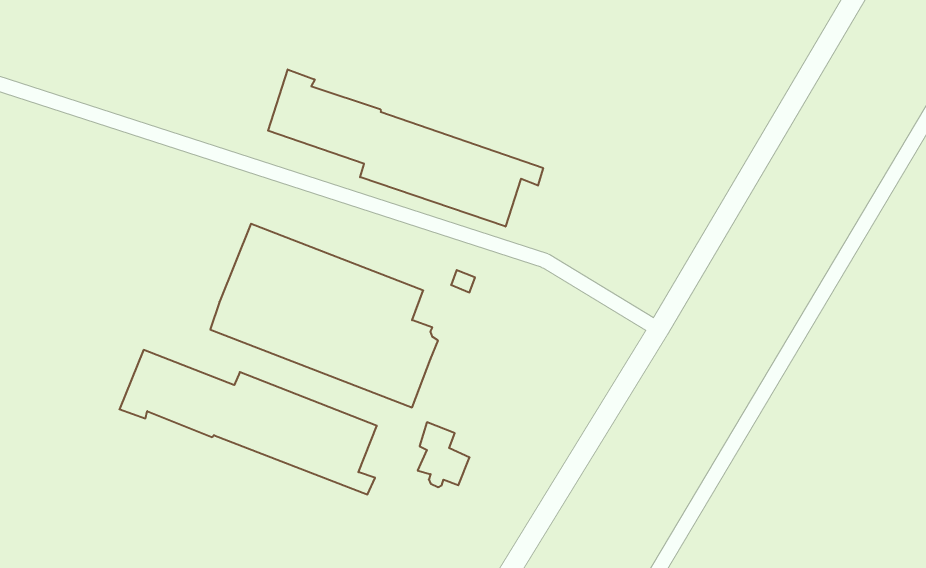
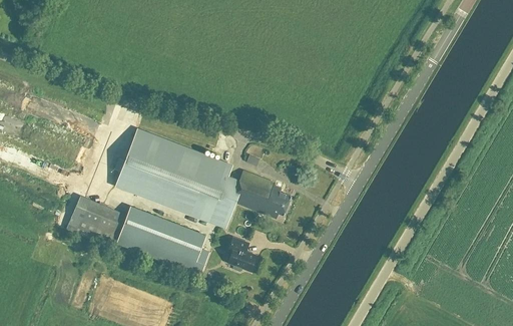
building: [268,69,543,227] -> none
building: none -> [235,170,291,218]

